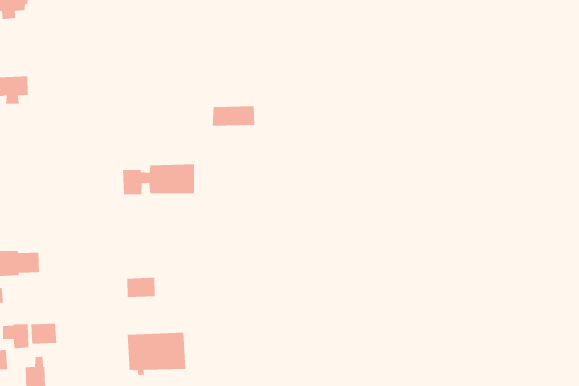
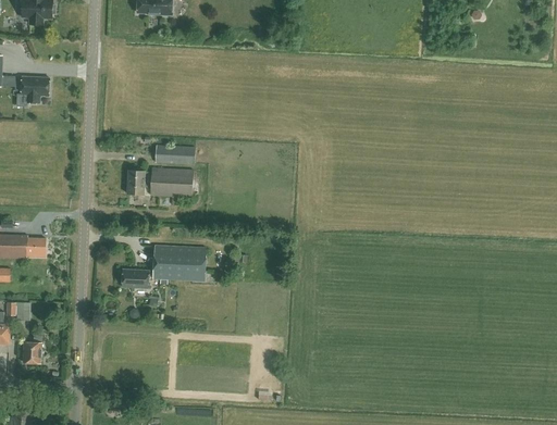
building: [212,106,255,126] -> [154,146,195,165]
building: [31,323,57,344] -> none
building: [127,332,186,375] -> [152,246,206,284]

